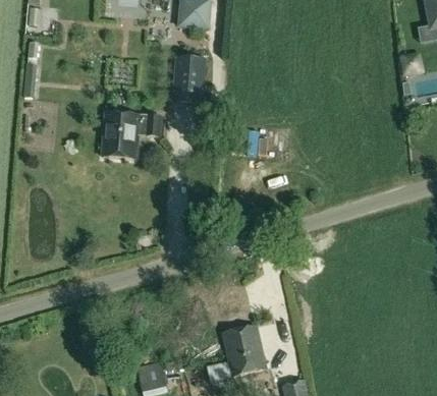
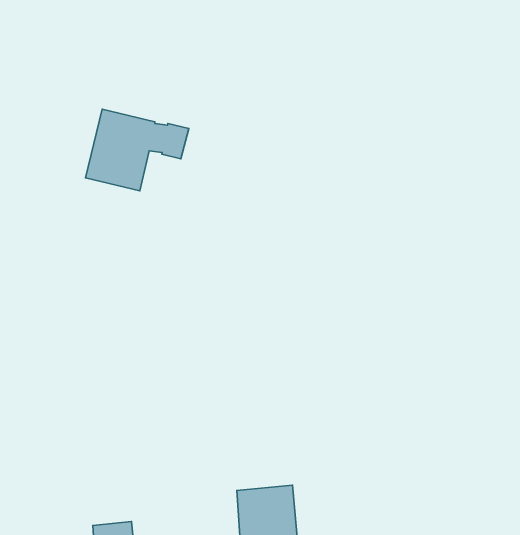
building: [171,56,206,104] -> none

